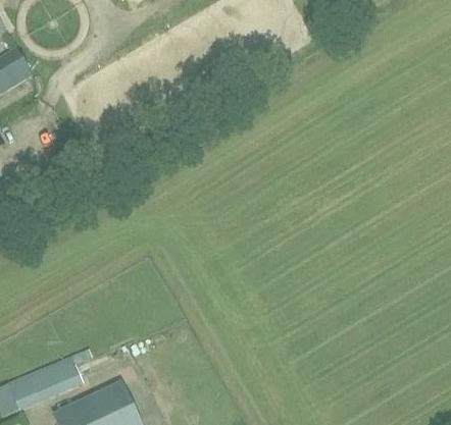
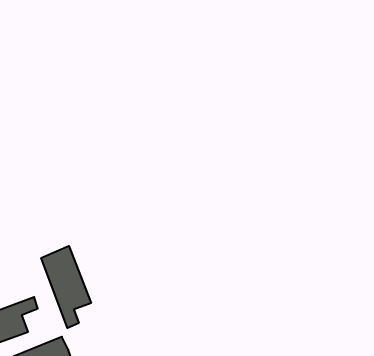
building: none -> [41,246,91,328]

